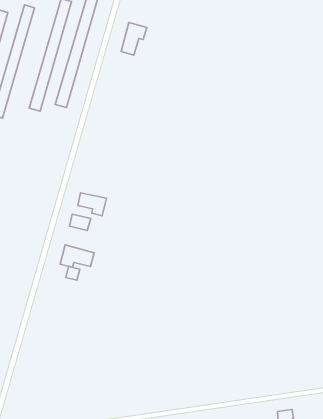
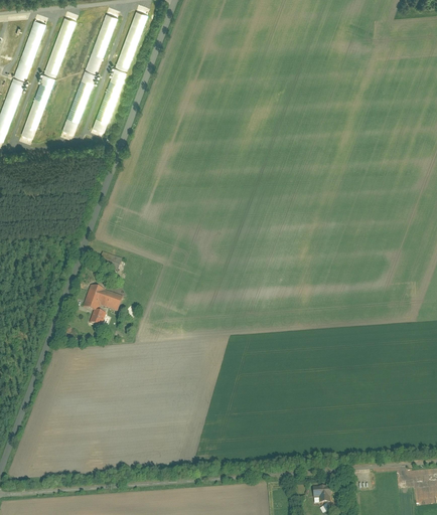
building: [121,22,147,55] -> none
building: [78,193,106,216] -> none

